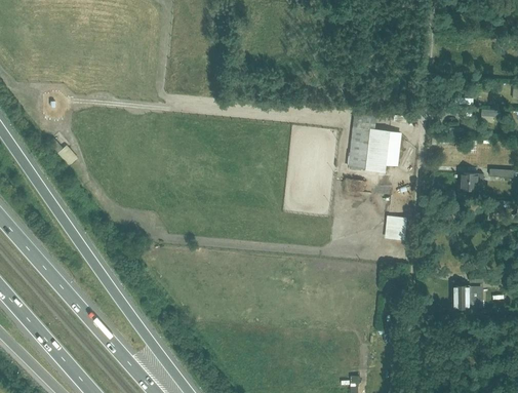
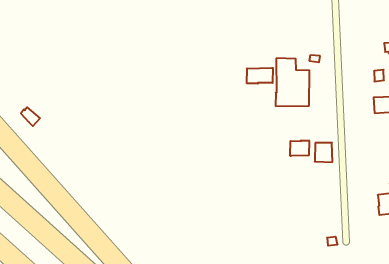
building: none -> [247,68,273,84]
building: none -> [290,140,309,156]

